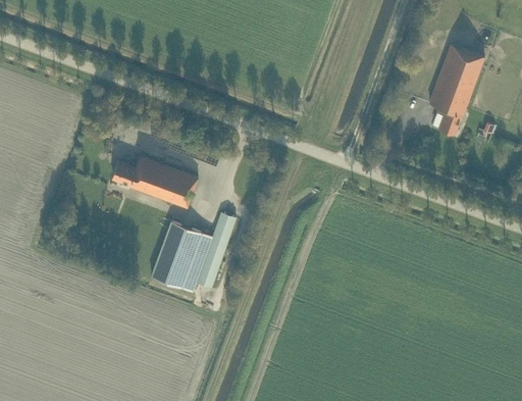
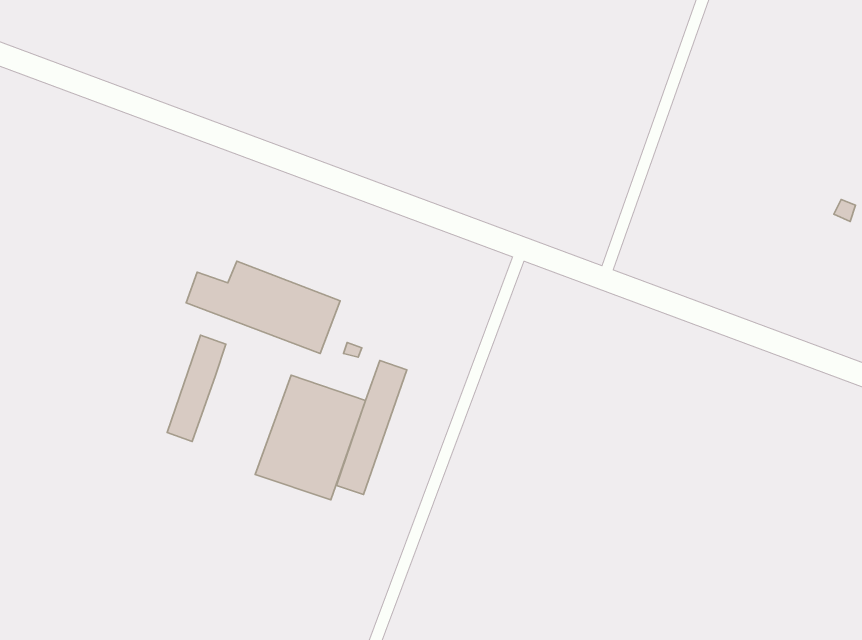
building: [429,46,484,135] -> none
building: none -> [167,335,226,441]

